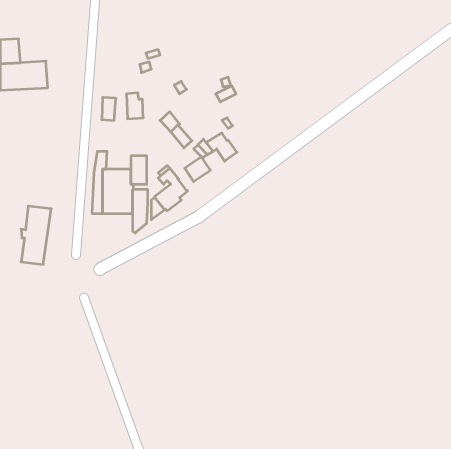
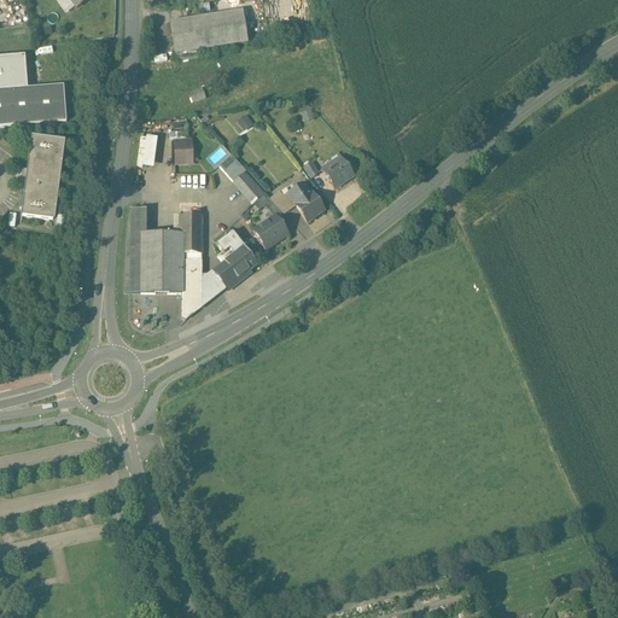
building: none -> [171,8,249,51]
building: none -> [322,153,354,186]
building: [21,206,51,264] -> [23,136,64,216]

